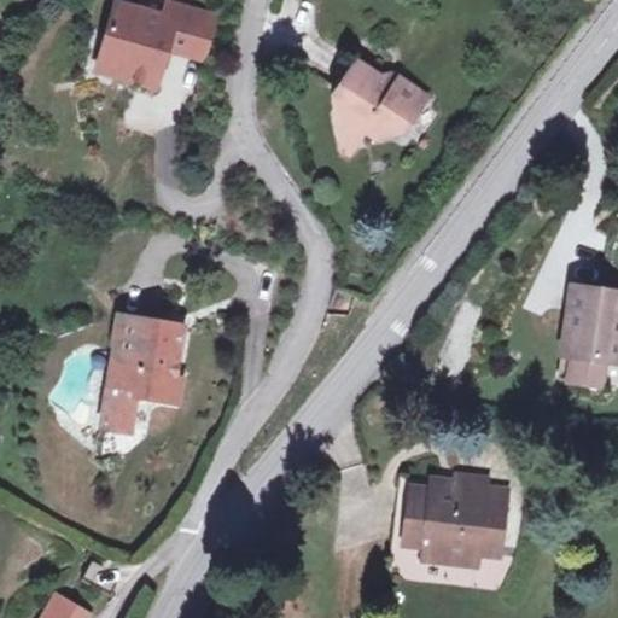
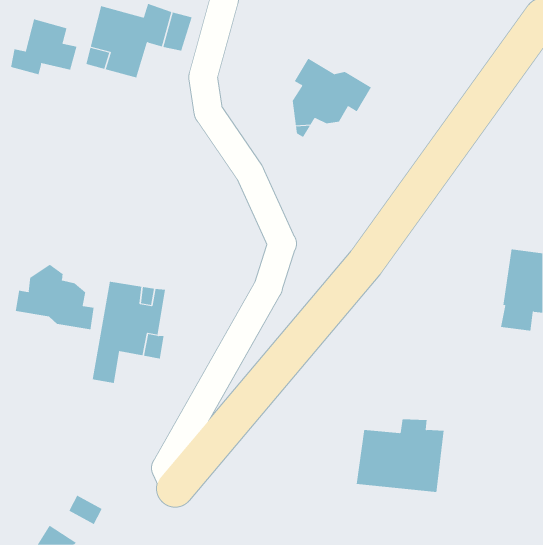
building: none -> [10,19,77,75]
building: none -> [15,264,94,330]

